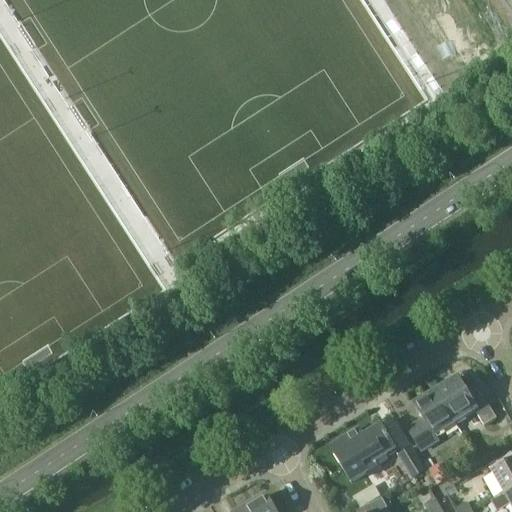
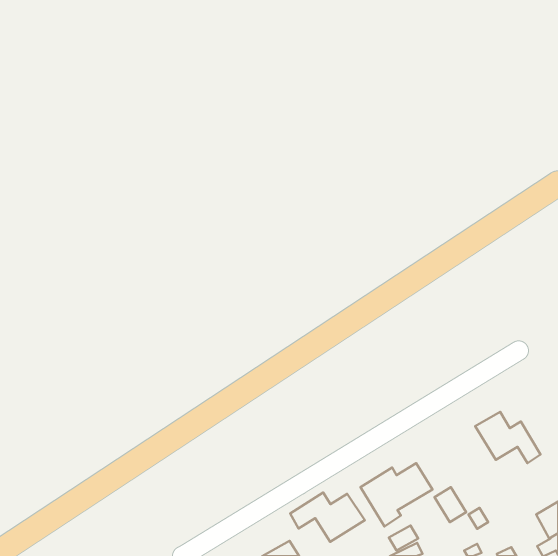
building: [407,390,454,450] -> none
building: none -> [290,493,365,542]

